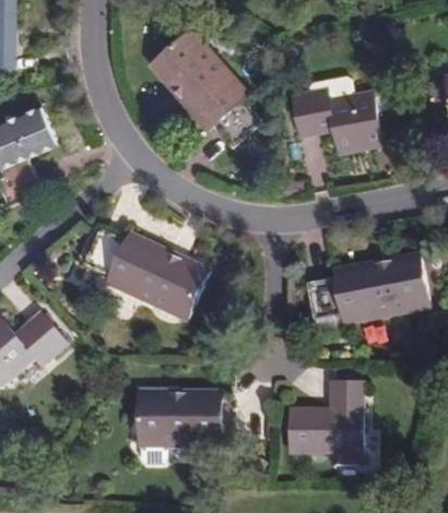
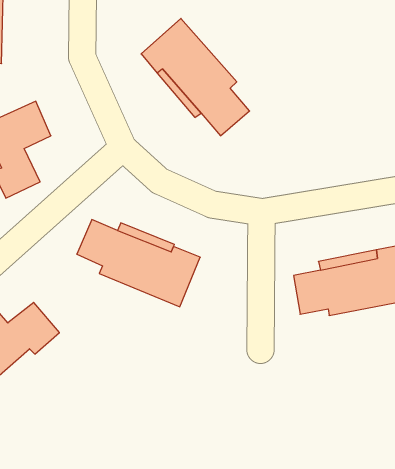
building: [293,87,382,152] -> none
building: [288,383,364,466] -> none
building: [138,391,234,449] -> none

